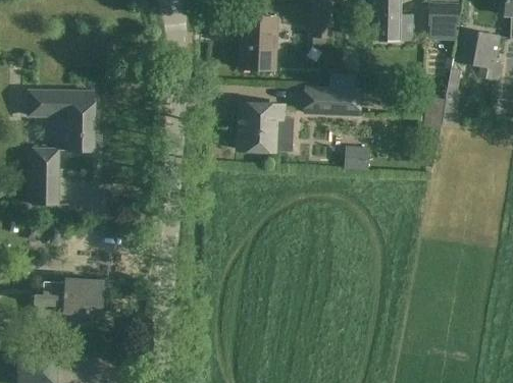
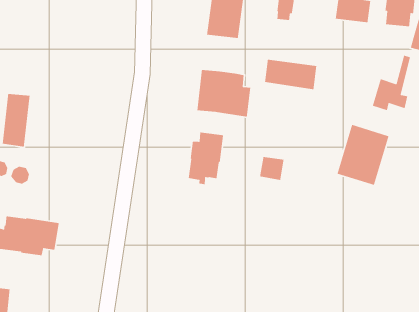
building: [29,91,94,151] -> none
building: [345,146,370,170] -> [259,156,285,181]
building: none -> [336,124,390,186]
building: none -> [188,132,225,185]

